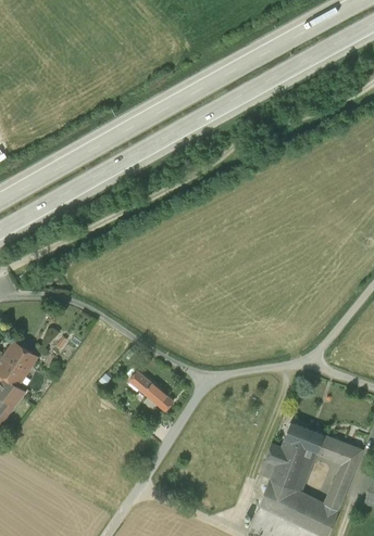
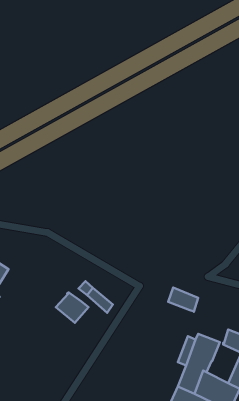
building: none -> [56,292,88,323]
building: [285,422,324,454] -> [168,288,198,312]

